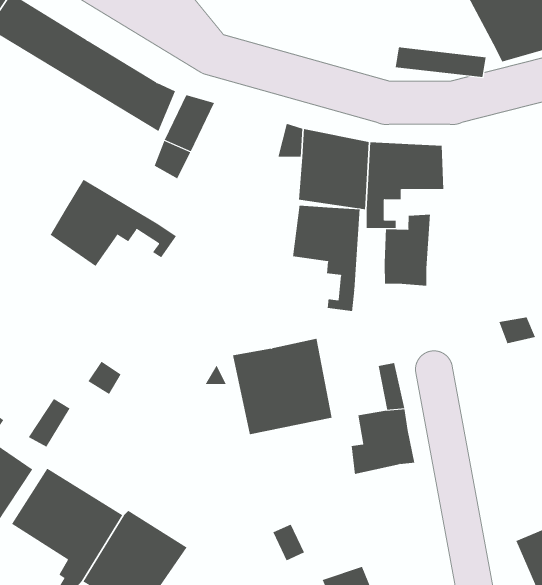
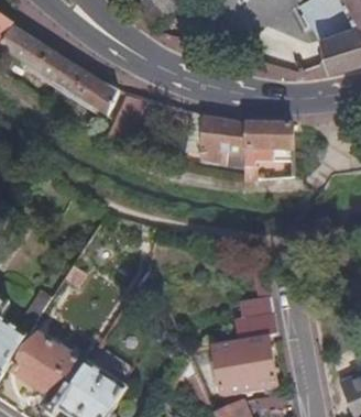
building: [50,179,177,267] -> none
building: [292,205,360,312] -> none
building: [384,214,430,286] -> none
building: [232,338,332,435] -> [210,332,275,395]

